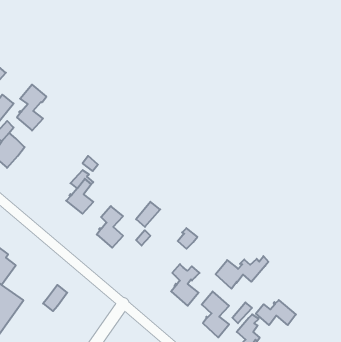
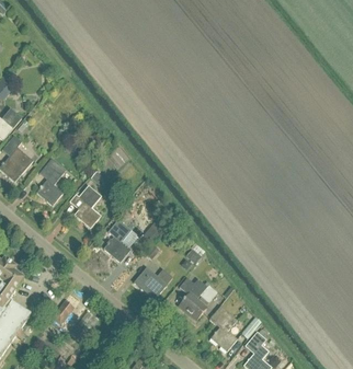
building: [17,85,46,131] -> [36,158,66,204]
building: none -> [134,266,172,298]
building: [216,256,268,289] -> none
building: [256,300,296,325] -> none

